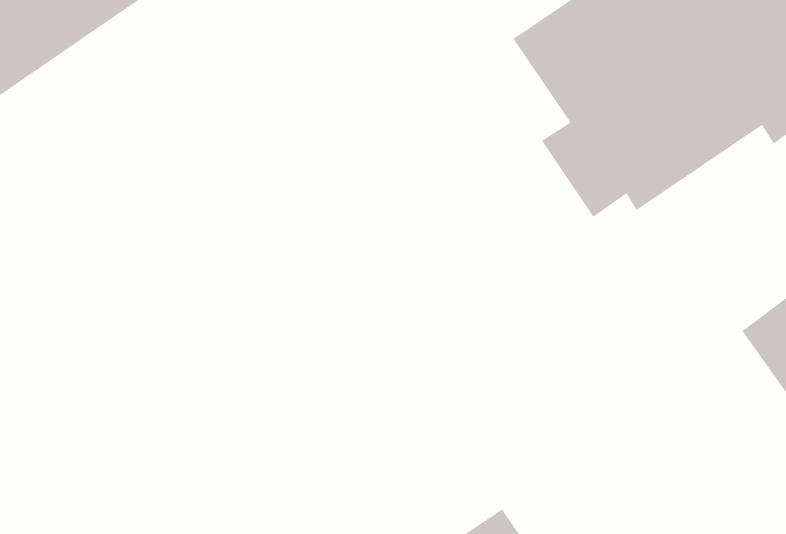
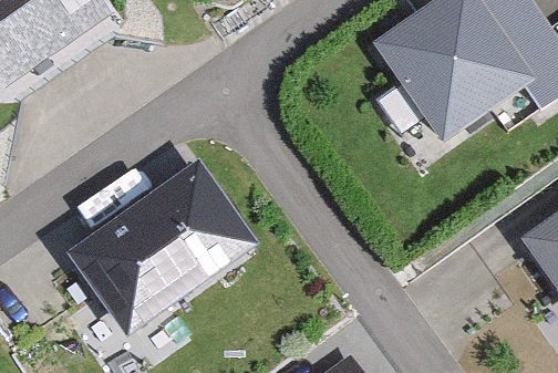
building: none -> [91,173,246,309]

